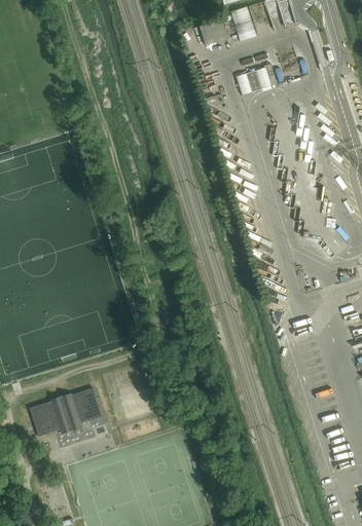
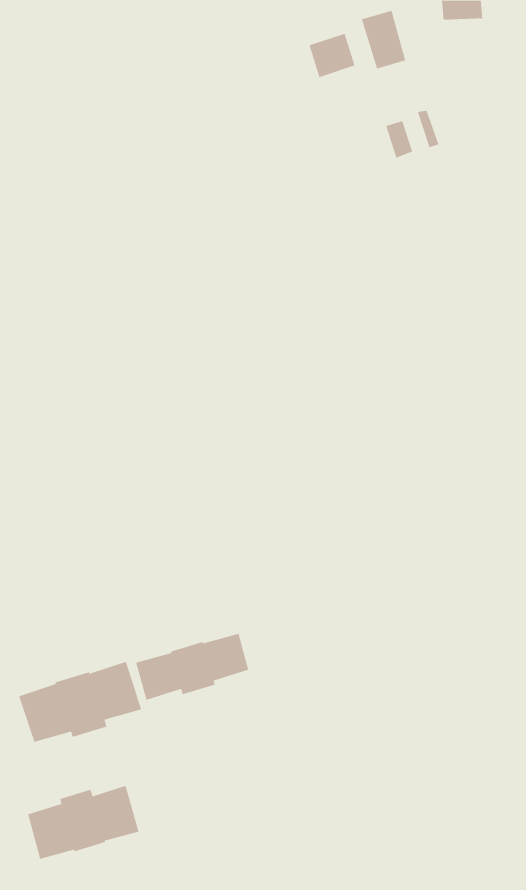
building: none -> [135,633,249,701]
building: none -> [27,785,139,860]

